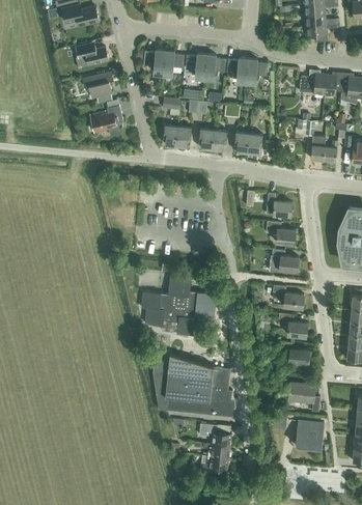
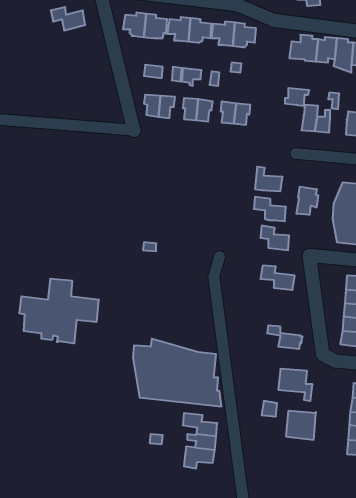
building: [83,72,113,103] -> none
building: [89,105,123,137] -> none
building: none -> [296,187,318,215]
building: [141,275,216,335] -> [19,279,99,343]
building: [278,313,307,336] -> none

